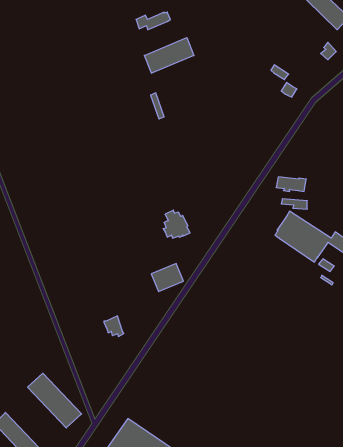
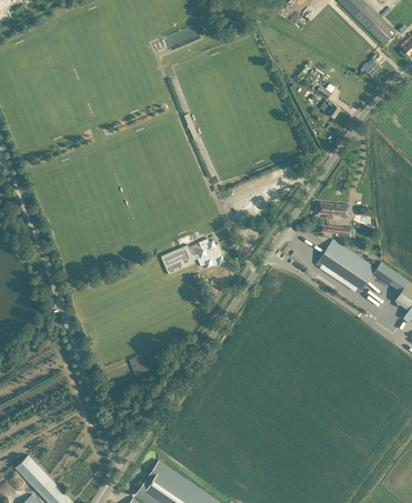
building: [144,38,194,73] -> none
building: [151,264,183,292] -> [160,244,194,274]
building: [28,373,82,428] -> none

